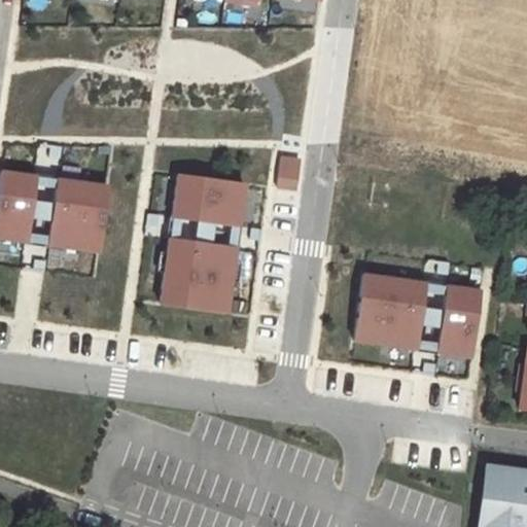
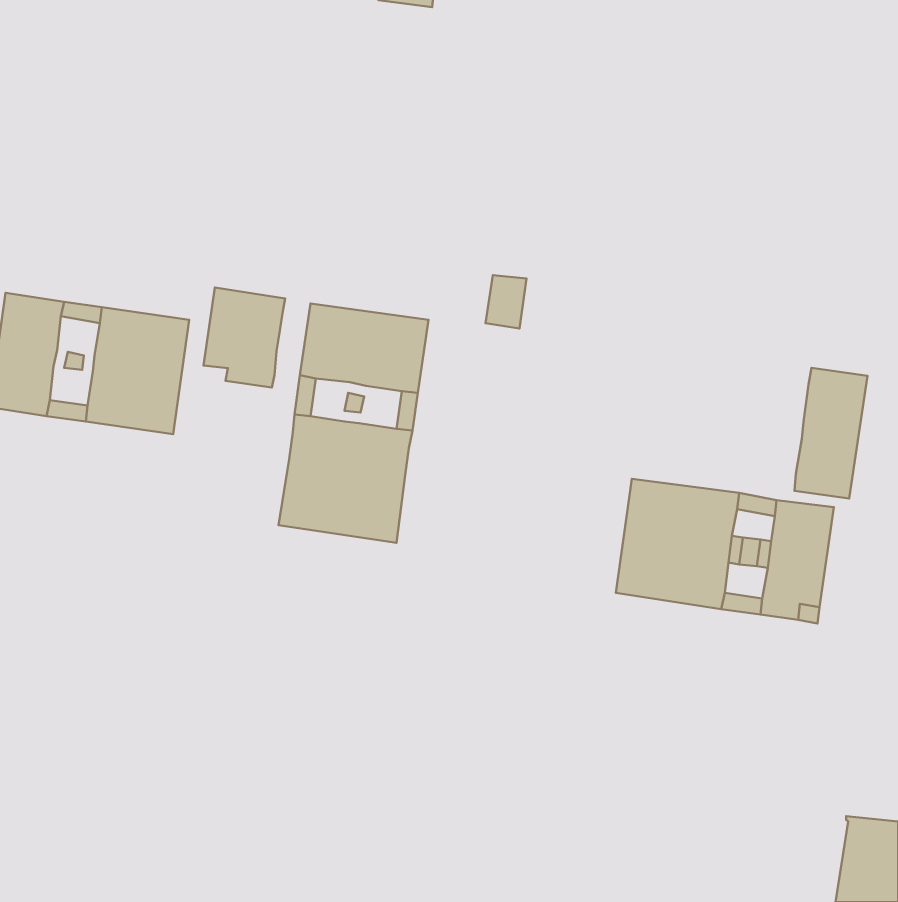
building: none -> [203,288,285,387]
building: none -> [794,368,868,498]

